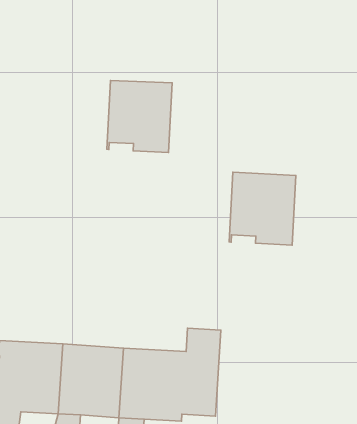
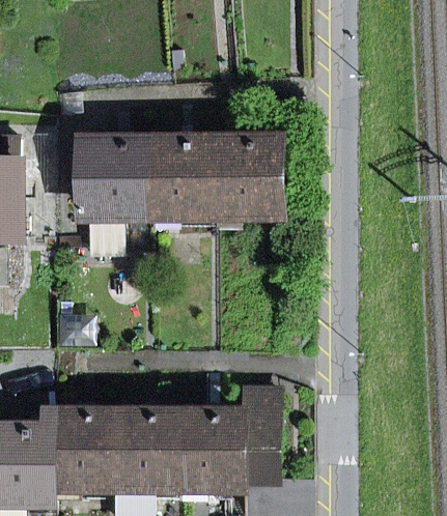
building: none -> [71,140,155,252]
building: [229,172,296,245] -> [218,139,282,210]

